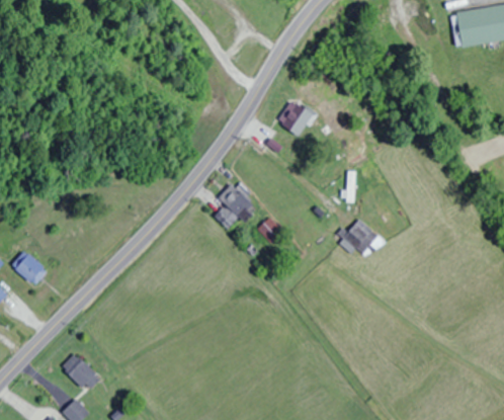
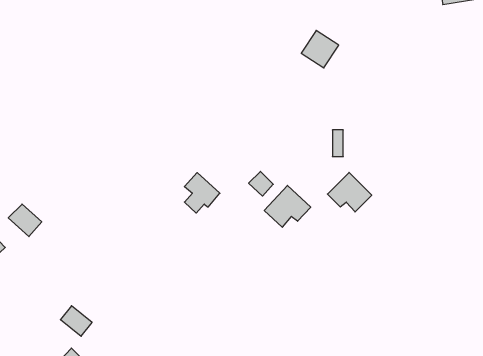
building: [276,100,315,139] -> [301,30,339,68]
building: [219,184,255,226] -> [184,173,220,213]
building: none -> [264,185,311,227]

